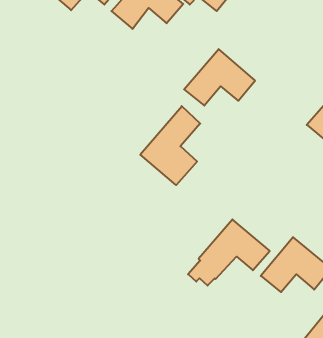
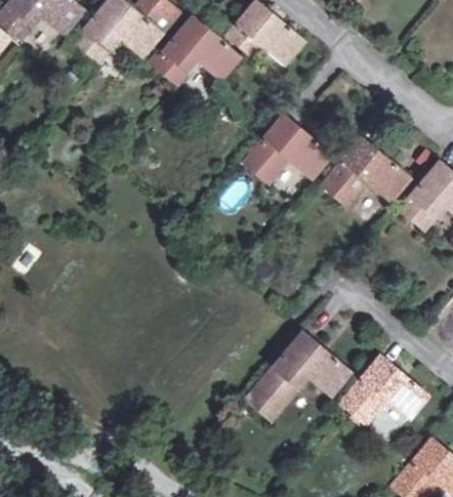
building: none -> [320,137,410,208]
building: [140,106,200,185] -> none

